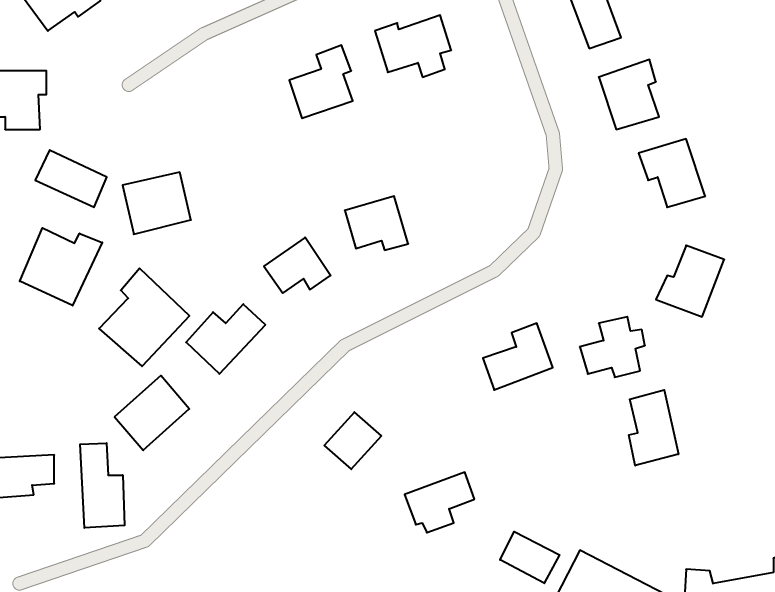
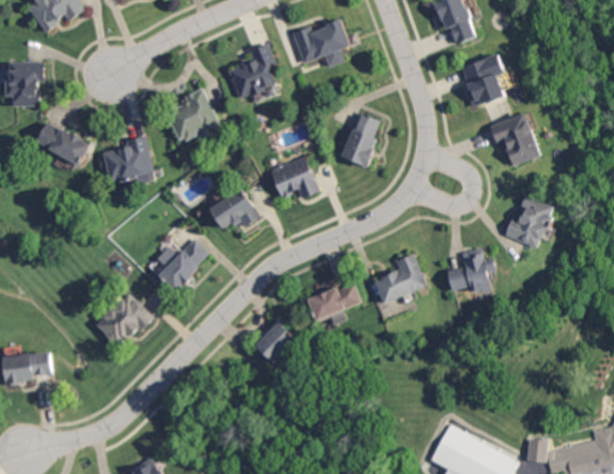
building: none -> [164,88,218,143]
building: none -> [341,113,381,167]
building: [20,228,102,306] -> none
building: [99,268,189,366] -> none
building: [629,390,678,466] -> none
building: [80,443,125,528] -> none
building: [405,472,474,533] -> [307,282,360,328]
building: [500,532,560,583] -> none

